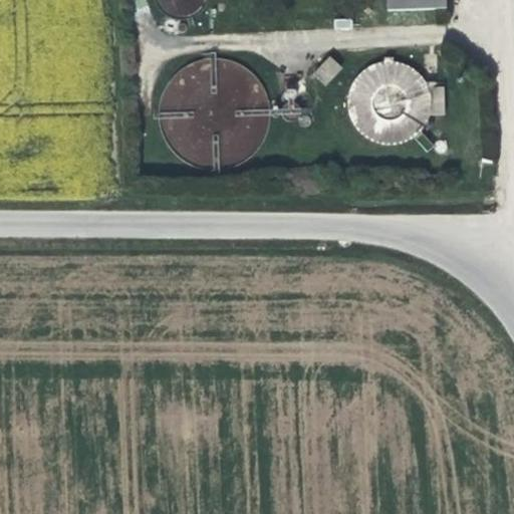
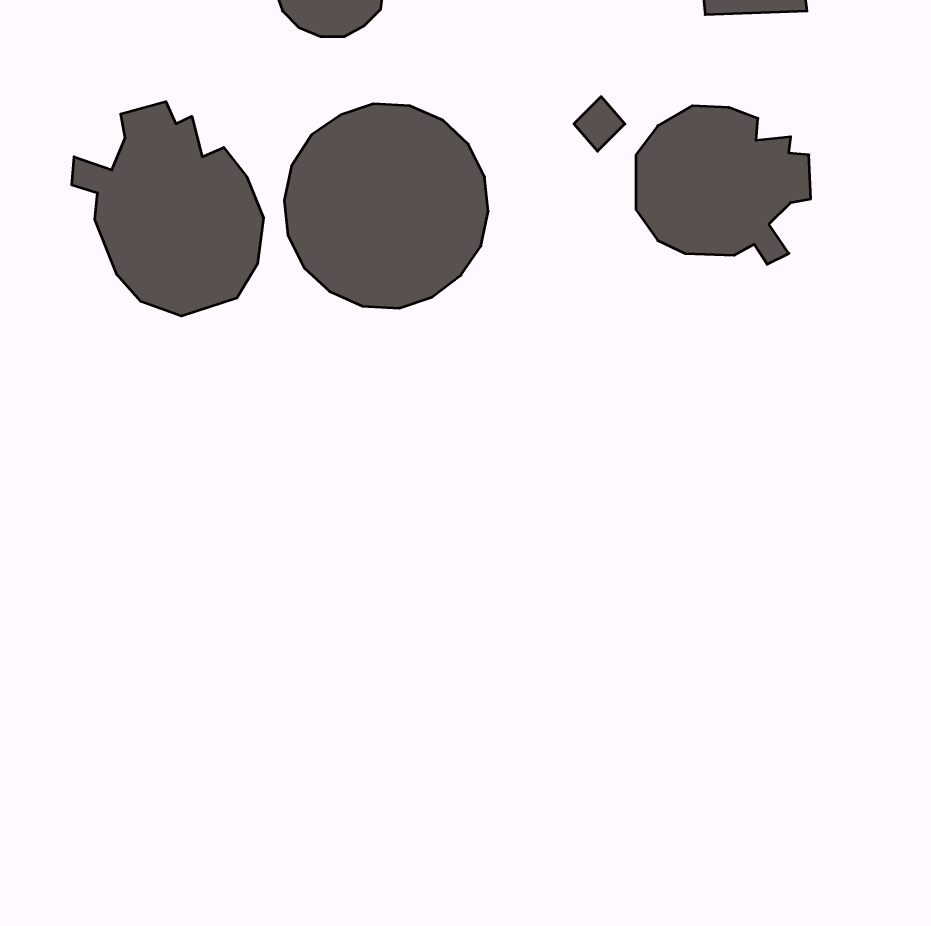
building: none -> [72,102,264,316]

